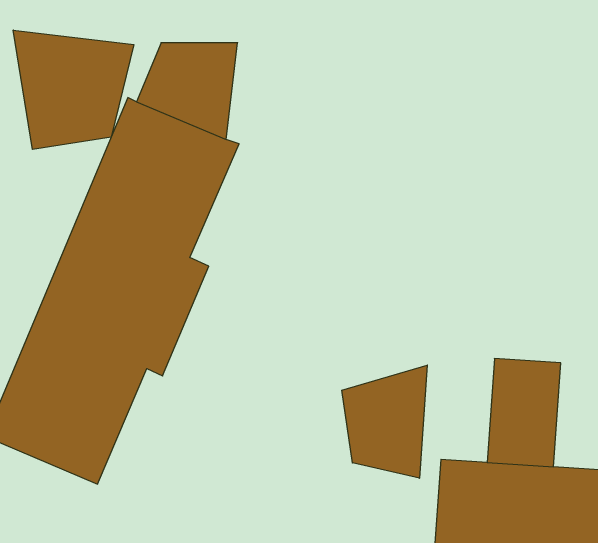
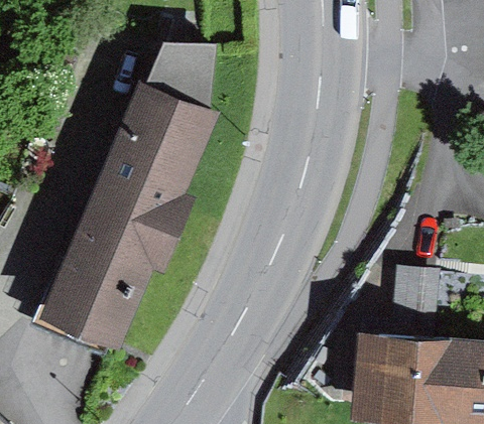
building: [13,30,134,149] -> none
building: [342,365,427,478] -> none

